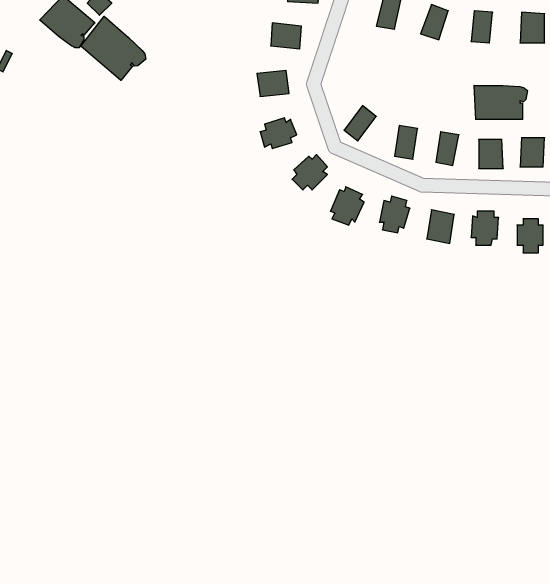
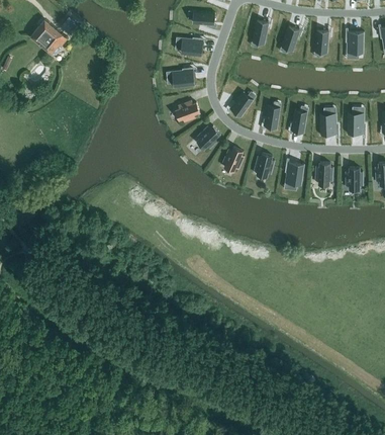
building: [81,16,146,80] -> none
building: [474,85,527,119] -> none

